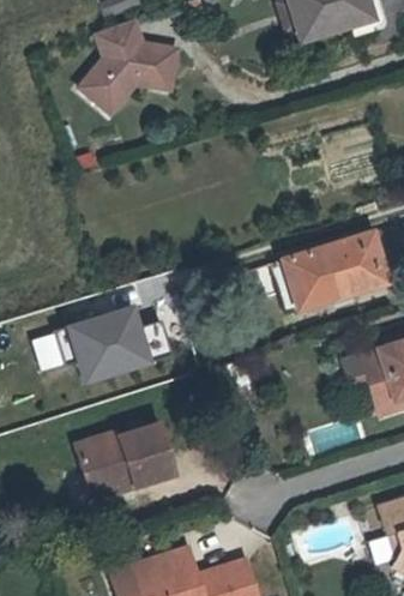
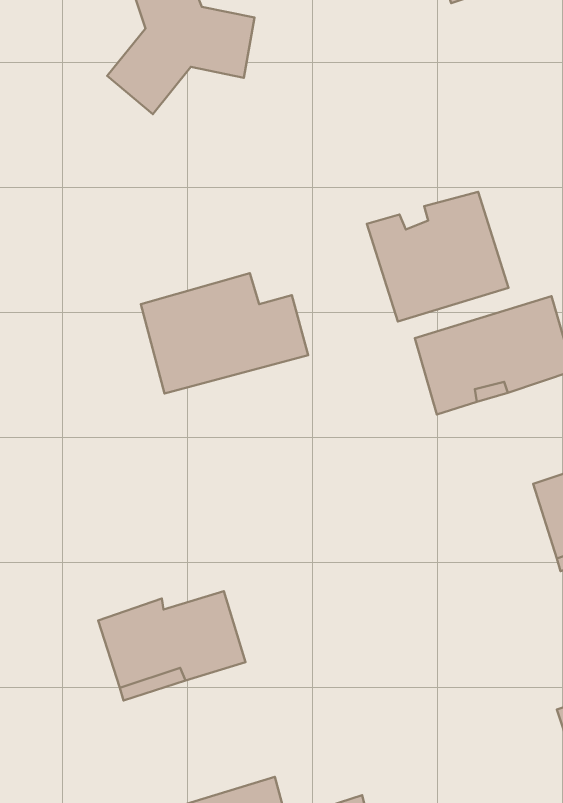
building: none -> [367,192,508,322]
building: [59,305,169,384] -> [141,273,308,393]

